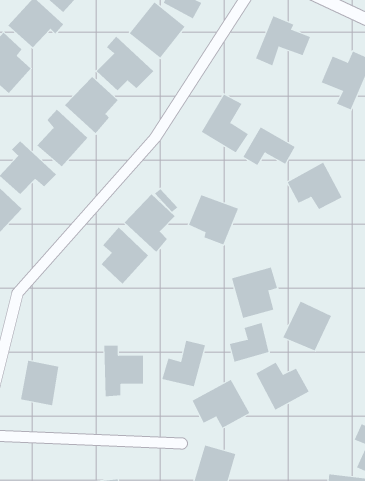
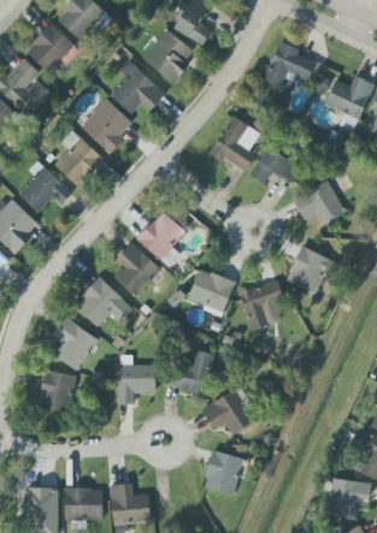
building: [188,195,239,245] -> [187,268,235,316]
building: none -> [73,277,123,326]
building: [282,301,332,351] -> [284,245,331,294]
building: none -> [54,321,94,368]
building: [229,322,269,362] -> none
building: [255,362,309,411] -> none

